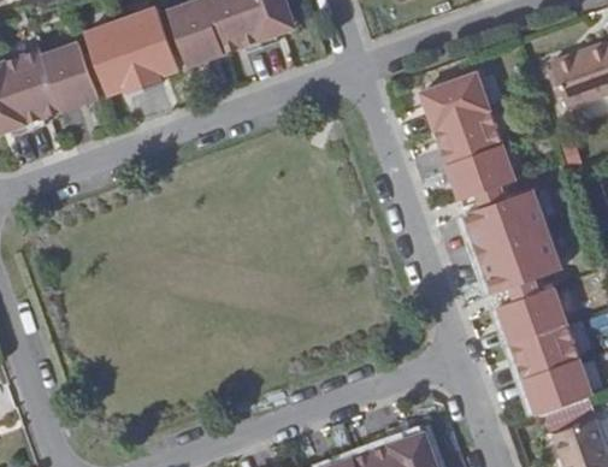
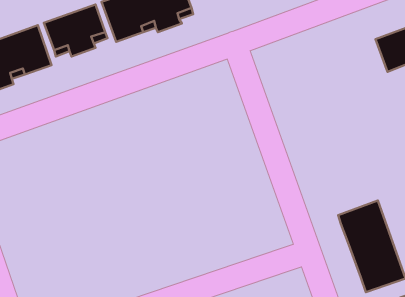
building: [420,72,514,200] -> none
building: [464,189,560,294] -> none

